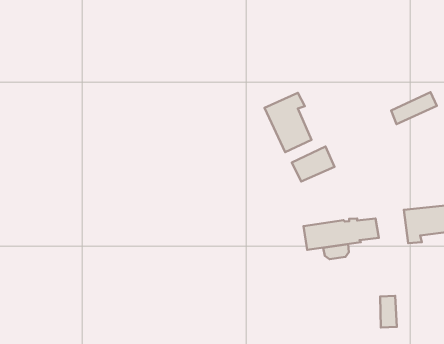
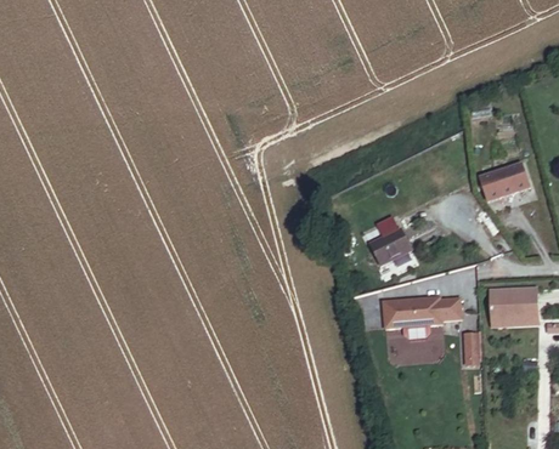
building: [265,93,311,152] -> none
building: [380,296,397,328] -> [463,333,480,365]

